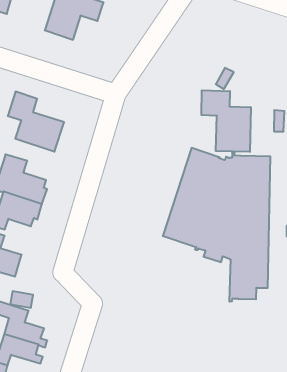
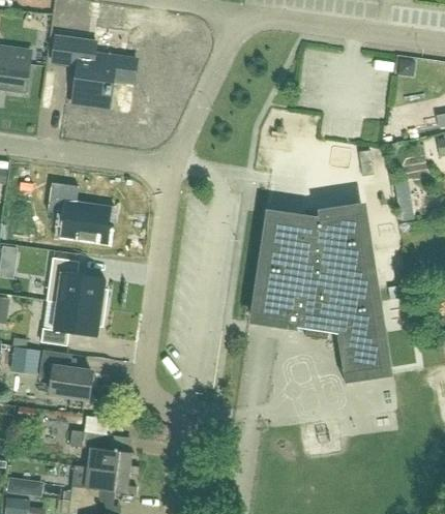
building: [201,90,251,152] -> none

